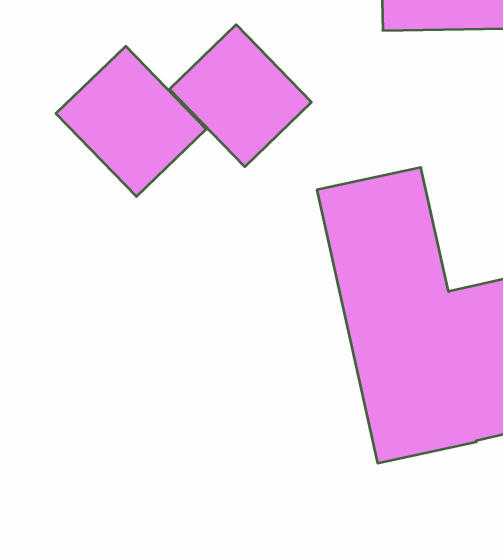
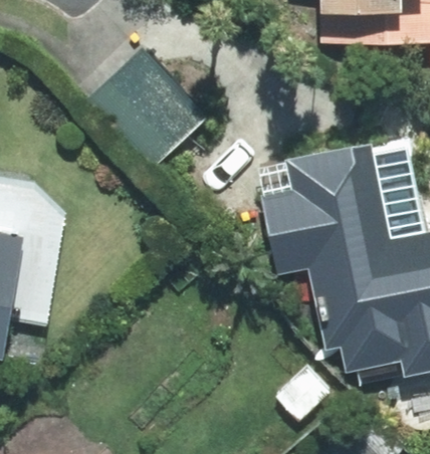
building: [169,25,311,167] -> none

